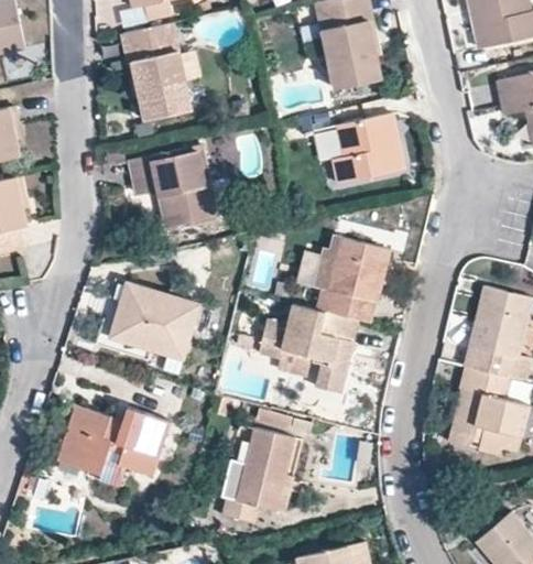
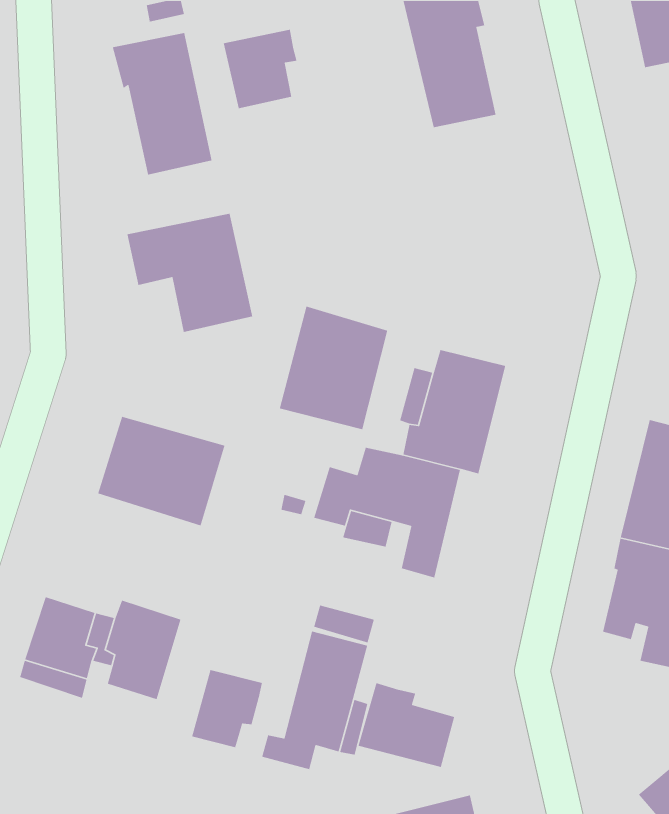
building: none -> [223,29,298,109]
building: [334,111,403,181] -> none
building: none -> [279,305,388,430]
building: none -> [191,669,263,748]
building: none -> [358,682,455,768]

